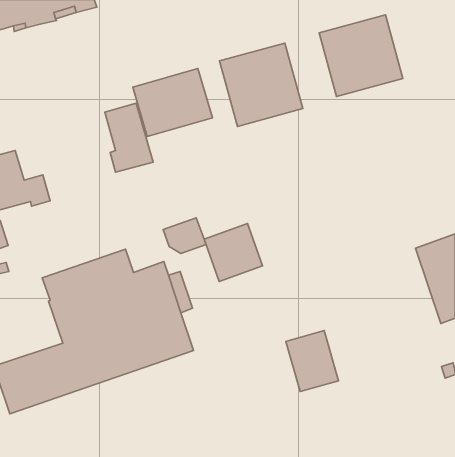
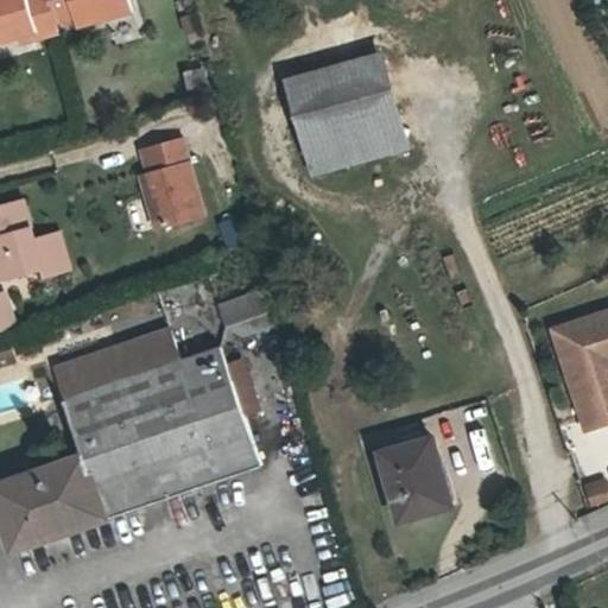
building: [319,15,403,97] -> none
building: [133,69,212,136] -> none
building: [204,223,263,281] -> none

